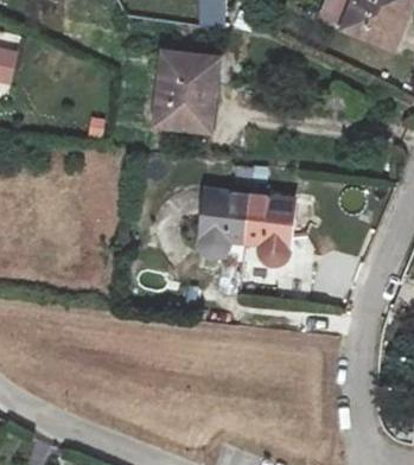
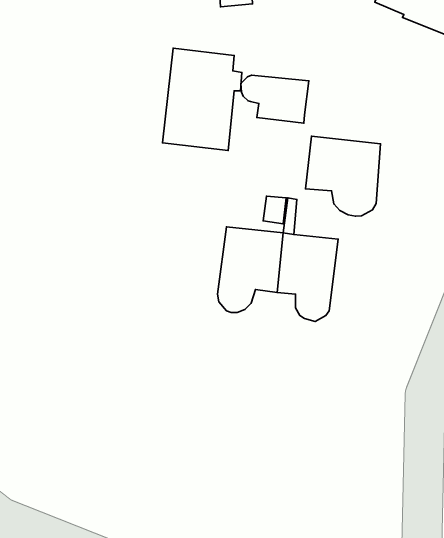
building: none -> [241,75,309,123]
building: none -> [305,136,380,216]

